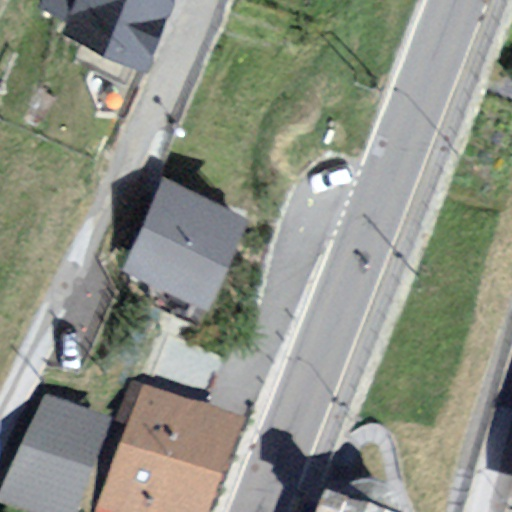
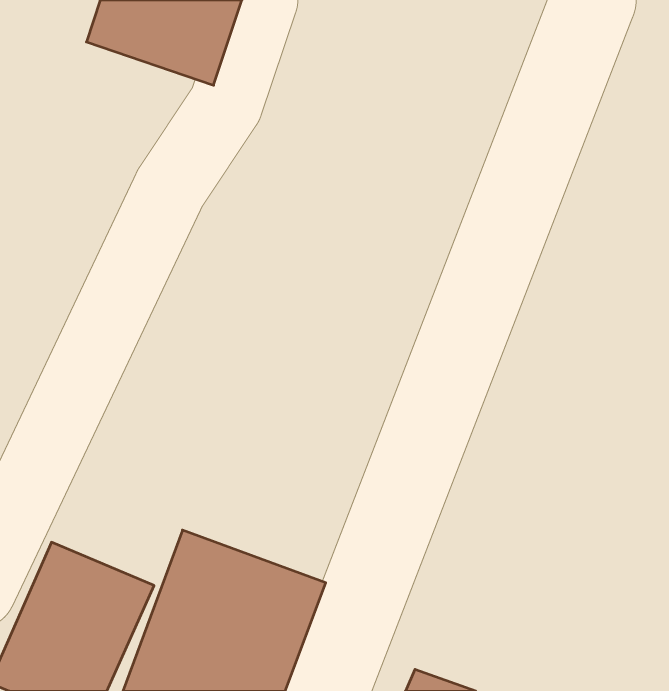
building: [120,173,251,301] -> none

